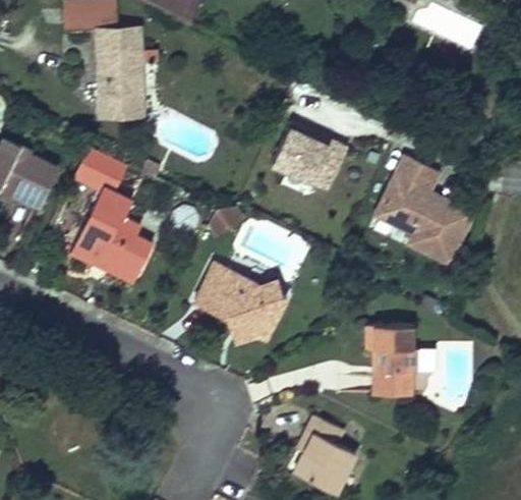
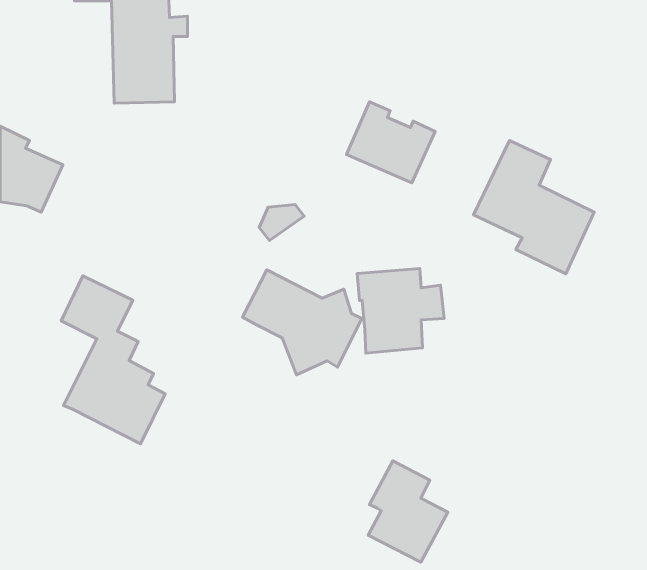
building: [69,145,152,278] -> [61,276,165,444]
building: [364,322,433,389] -> [357,268,444,353]

